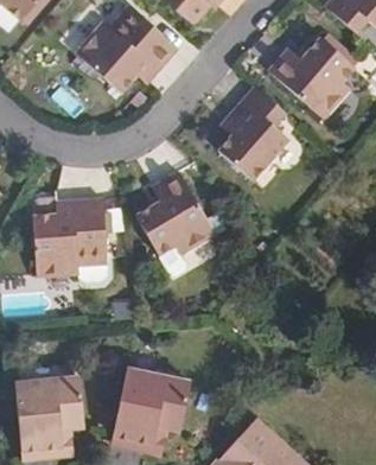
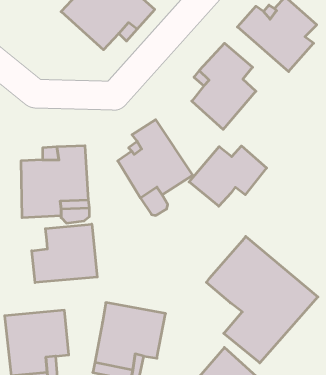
building: none -> [189,146,267,206]
building: none -> [32,224,97,283]
building: none -> [206,236,318,363]

